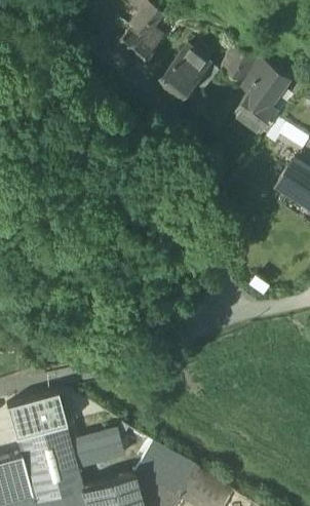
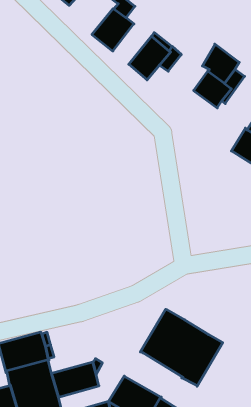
building: [221,45,259,83] -> none
building: none -> [140,309,223,386]

